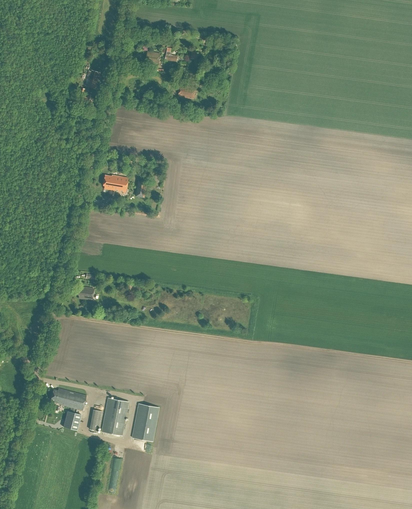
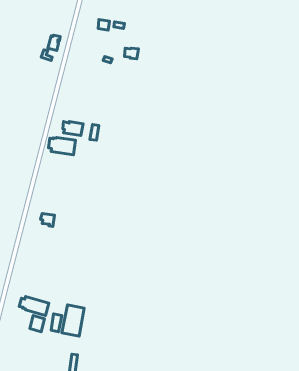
building: none -> [48,137,76,155]
building: [132,403,159,440] -> none

